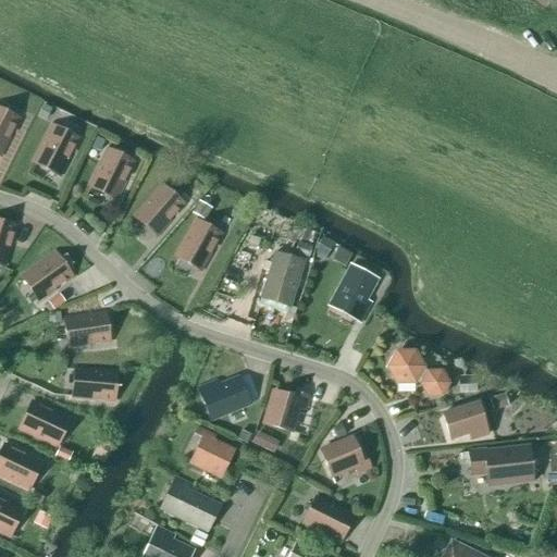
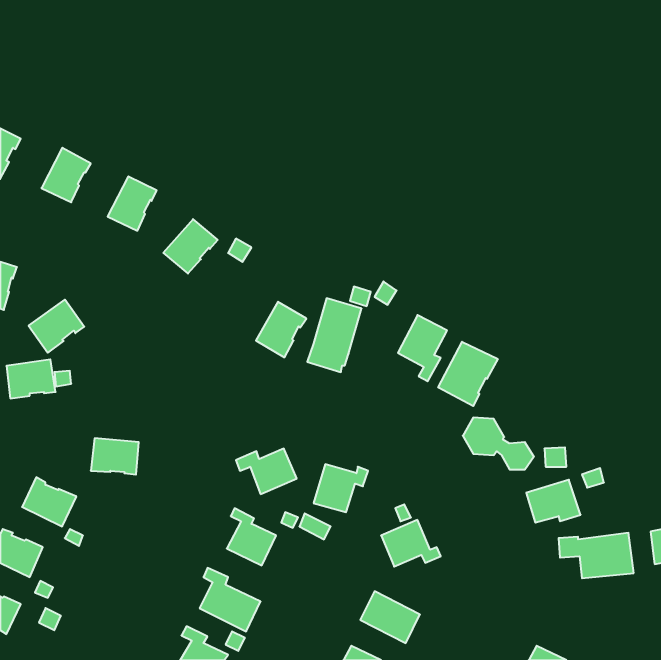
building: [178,219,221,265] -> [256,302,306,357]
building: none -> [438,342,498,406]
building: [70,311,111,344] -> [6,359,56,398]

